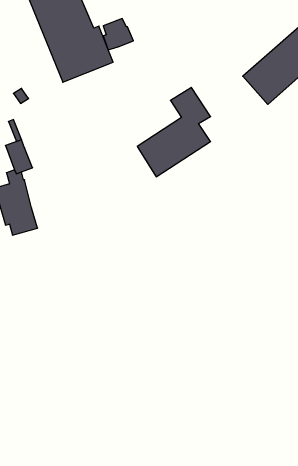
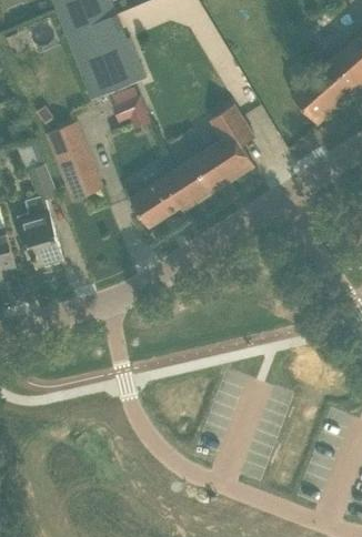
building: [103,19,133,50] -> [111,87,144,121]
building: none -> [44,120,101,199]
building: none -> [129,170,193,226]

